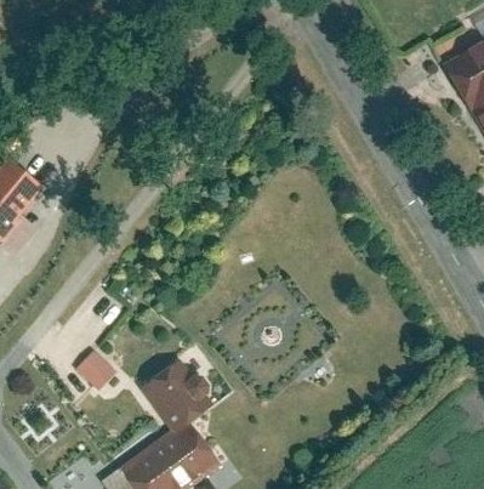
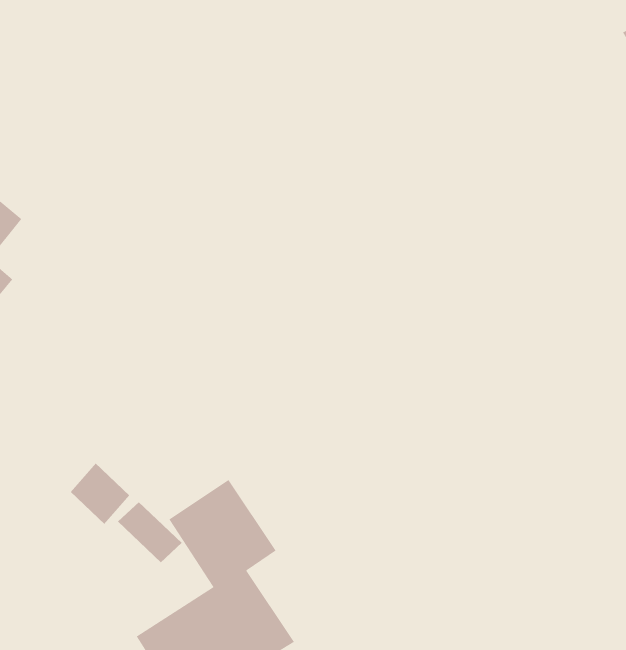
building: none -> [117,501,183,563]

